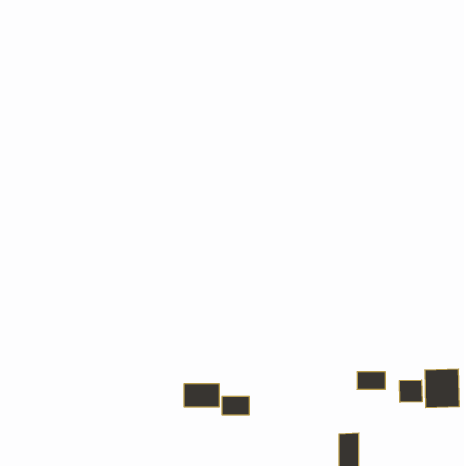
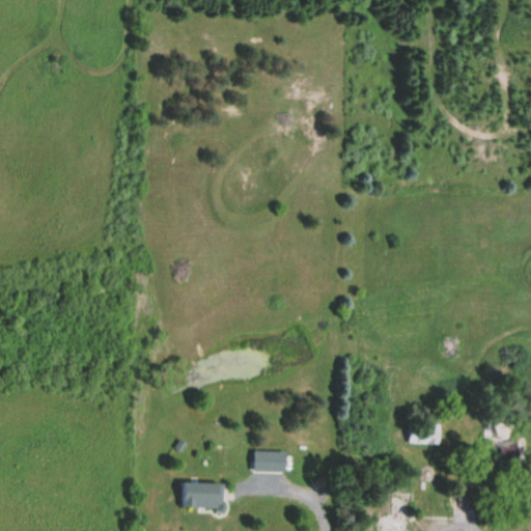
building: [399,380,422,402] -> none
building: [184,384,219,407] -> [183,483,223,509]

